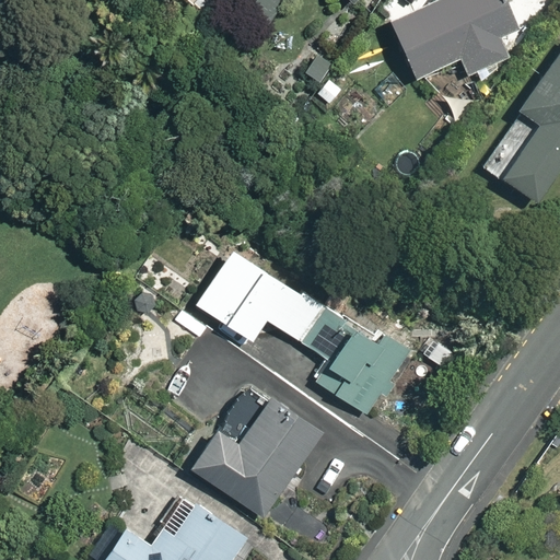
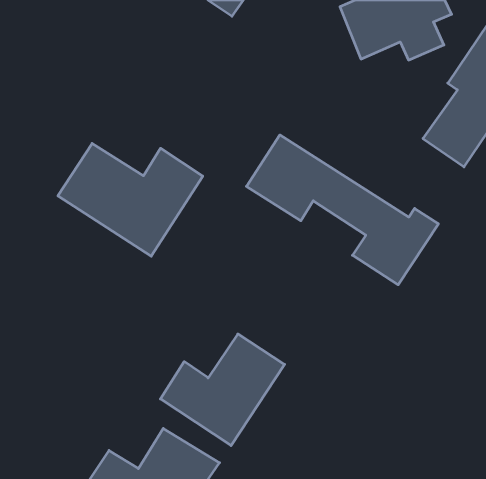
building: none -> [58,143,203,256]
building: [191,244,411,416] -> [246,135,438,285]

